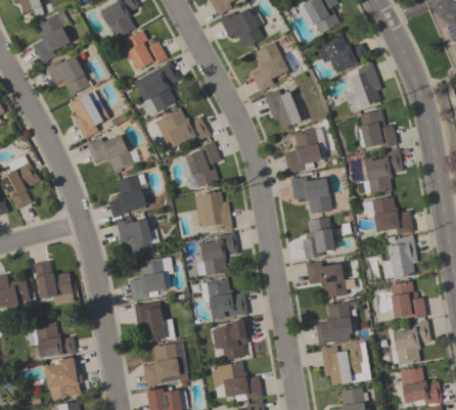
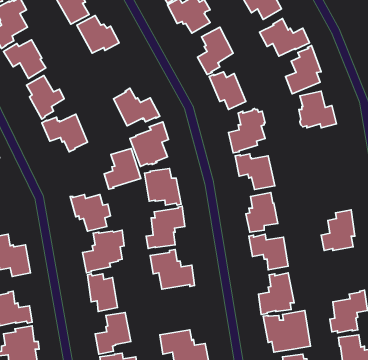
building: [134,60,180,116] -> none
building: [363,149,403,193] -> none
building: [108,175,147,218] -> [104,149,141,189]
building: [362,196,413,234] -> none
building: [384,281,426,320] -> none
building: [212,317,252,360] -> none

